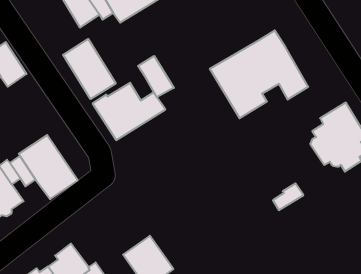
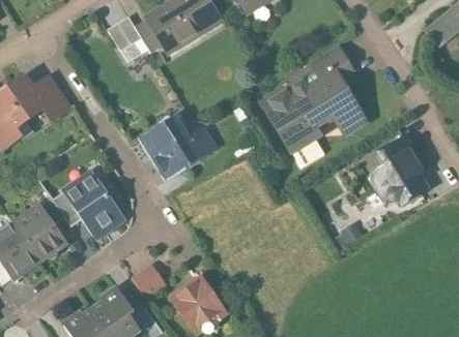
building: none -> [310,44,355,79]
building: [63,39,116,99] -> none
building: [138,56,174,97] -> none
building: none -> [132,262,168,299]

